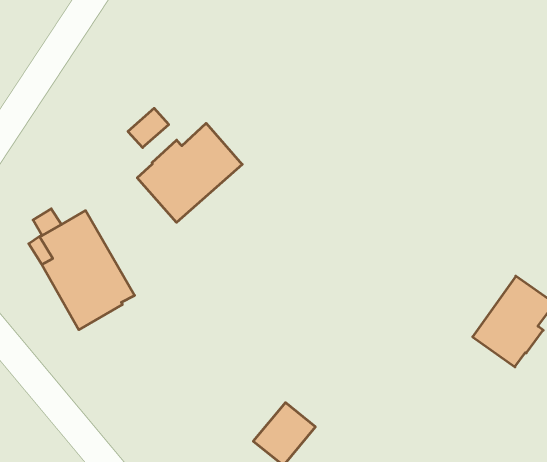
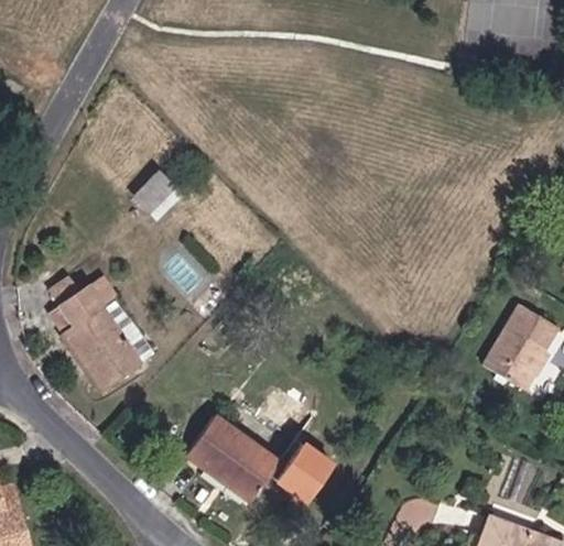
building: [137,123,242,222] -> none
building: none -> [186,415,279,501]

